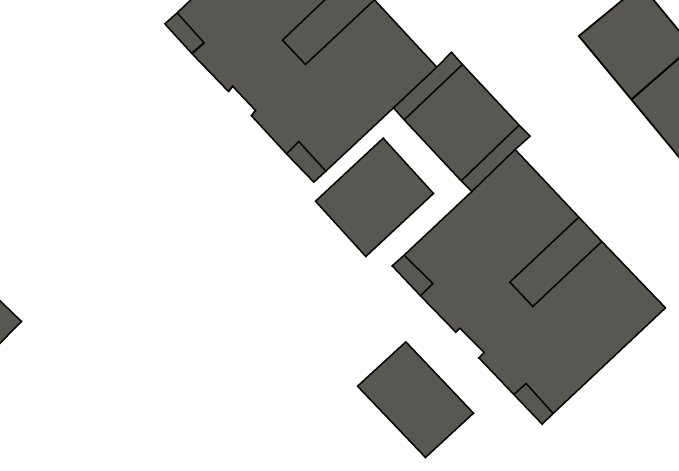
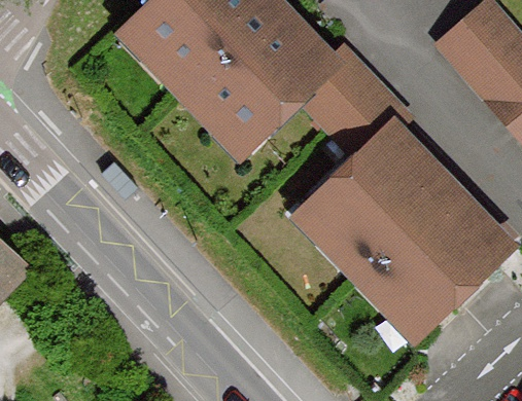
building: [316,138,434,257] -> none
building: [358,342,474,458] -> none

